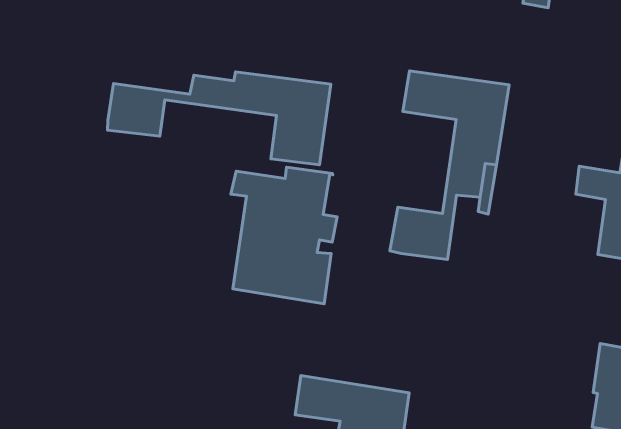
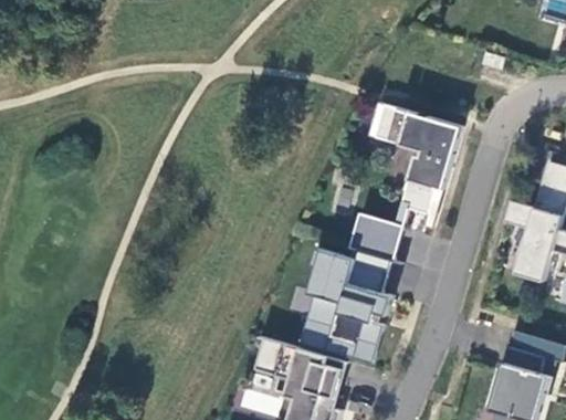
building: [108,72,331,165] -> none
building: [231,167,337,304] -> [298,248,391,364]

